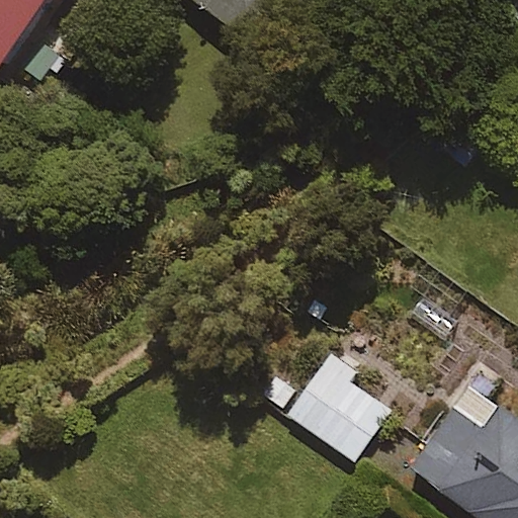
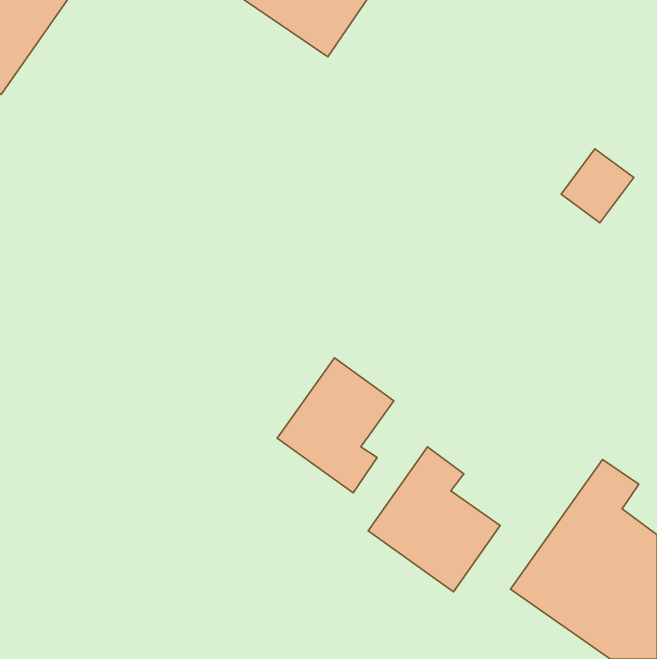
building: none -> [277,358,394,493]

